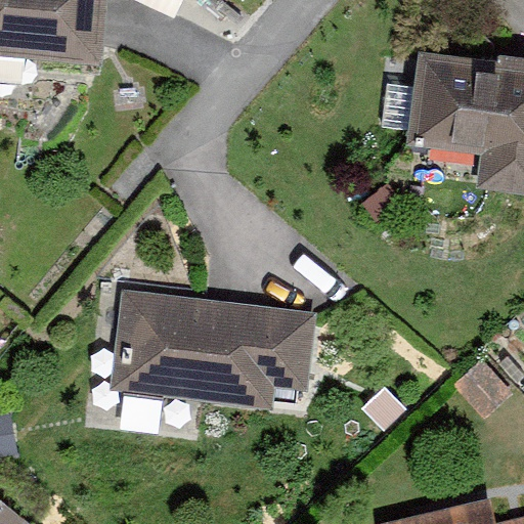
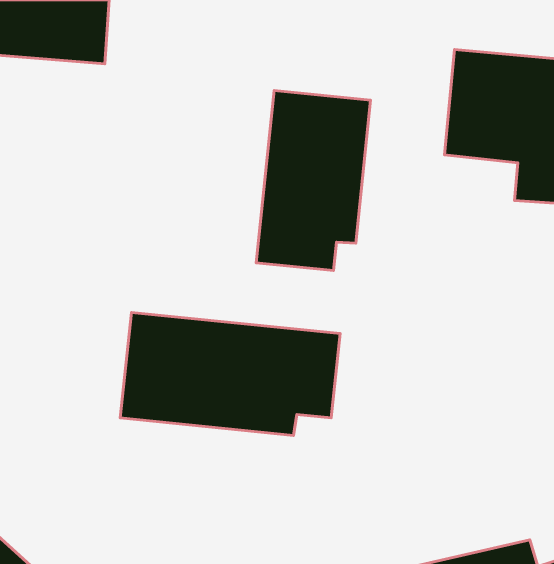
building: none -> [256,90,371,270]

